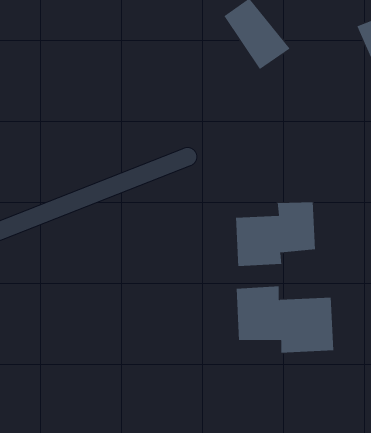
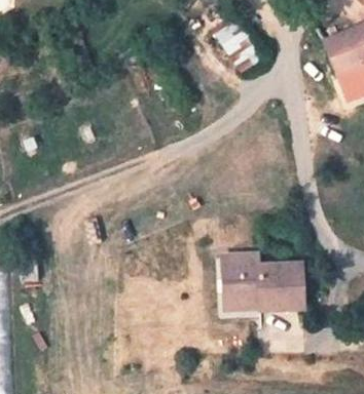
building: [235,201,315,267] -> none

